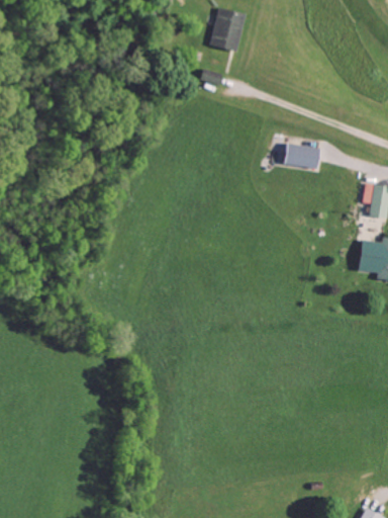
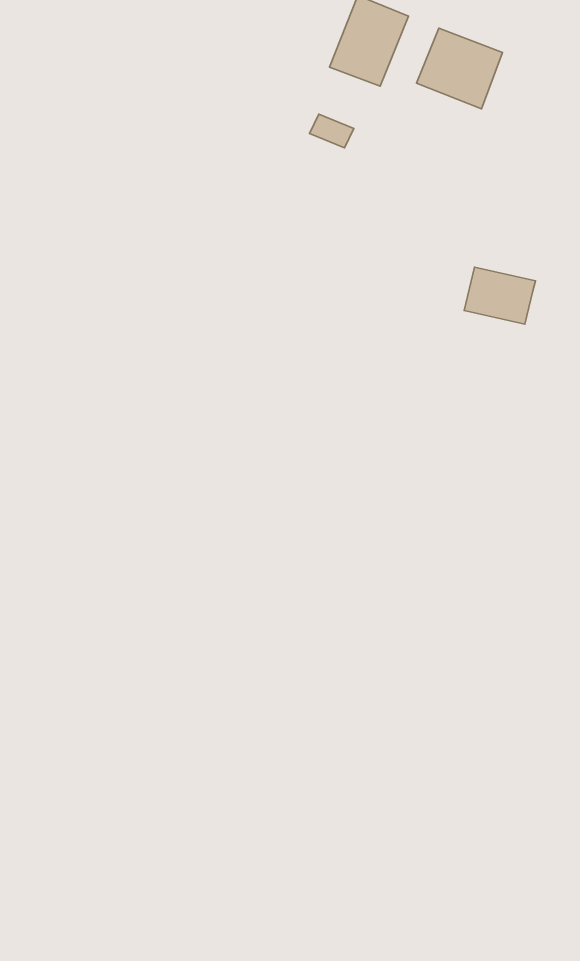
building: none -> [416,28,503,109]

